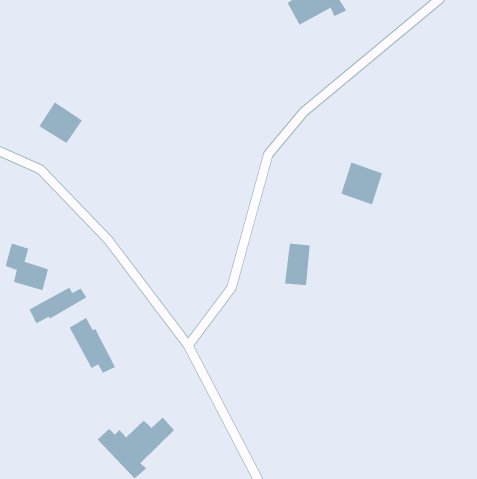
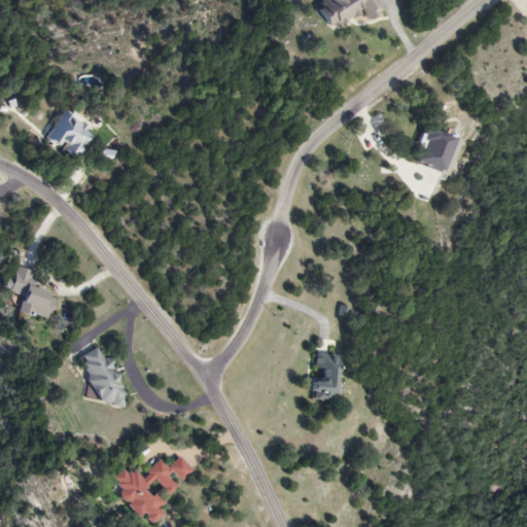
building: [341,162,383,205] -> [413,126,459,173]
building: [284,243,311,286] -> [313,352,342,398]
building: [29,287,87,324] -> none

